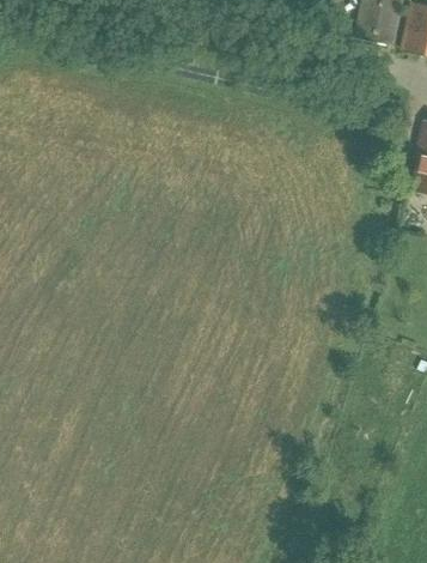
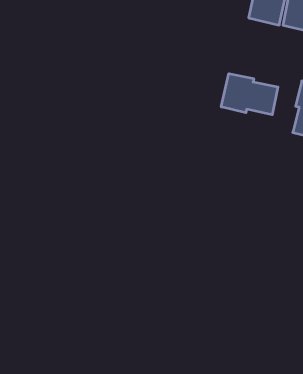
building: none -> [221,74,278,115]

